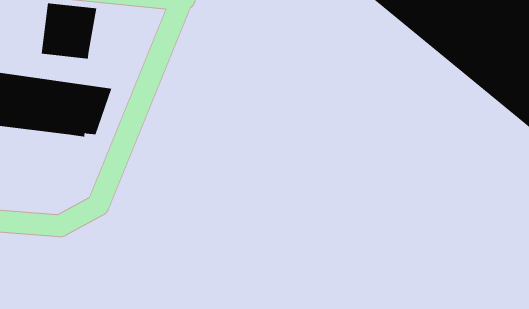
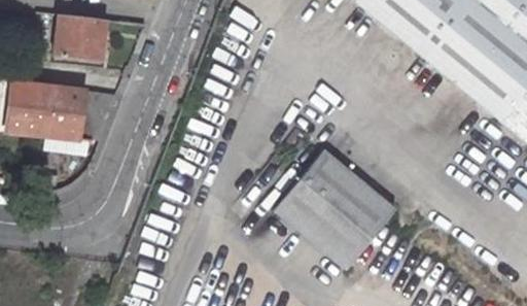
building: none -> [275,154,397,273]

